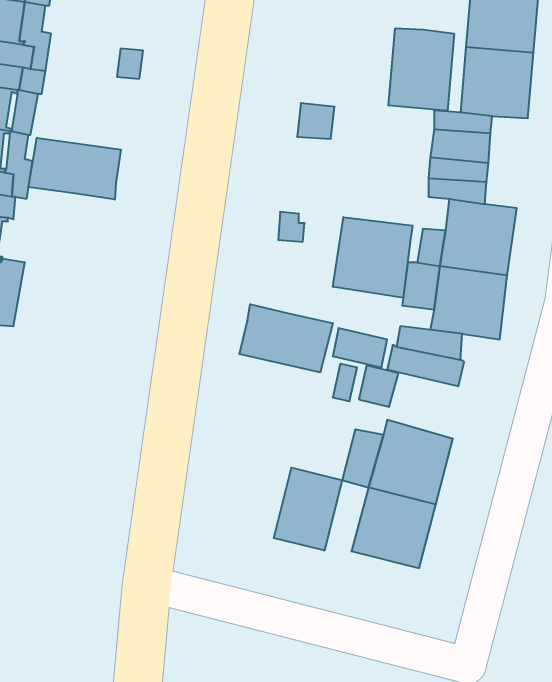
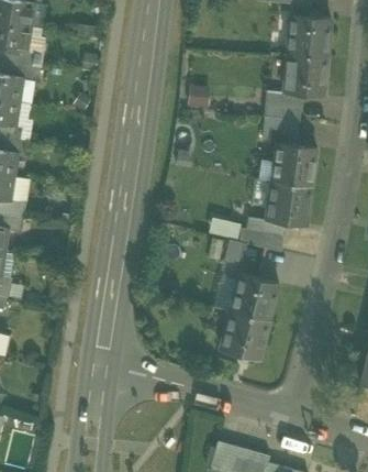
building: [389,28,454,111] -> none
building: [28,138,121,200] -> none
building: [333,217,413,298] -> none
building: [240,304,333,372] -> none
building: [274,468,342,551] -> none

